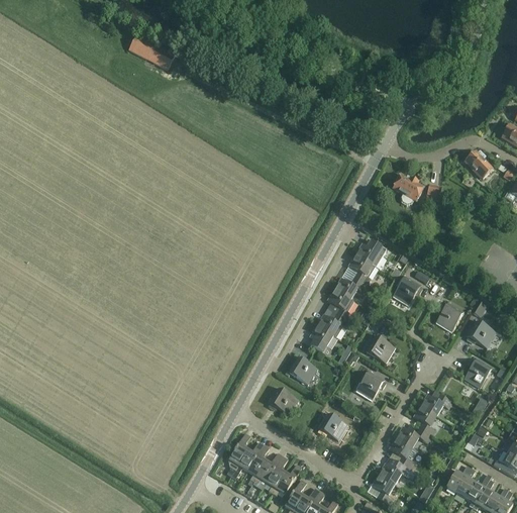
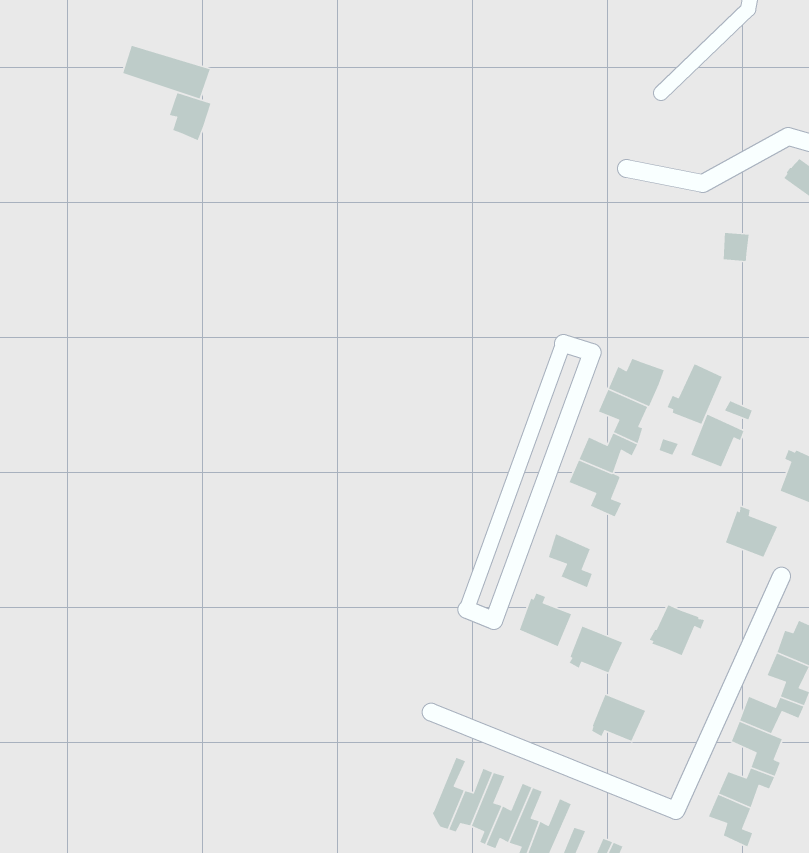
building: none -> [169,92,212,141]
building: [393,173,424,204] -> none
building: none -> [666,363,723,425]
building: [316,310,348,337] -> none
building: [367,332,396,362] -> [725,505,778,558]
building: [269,387,299,414] -> [568,626,623,674]

